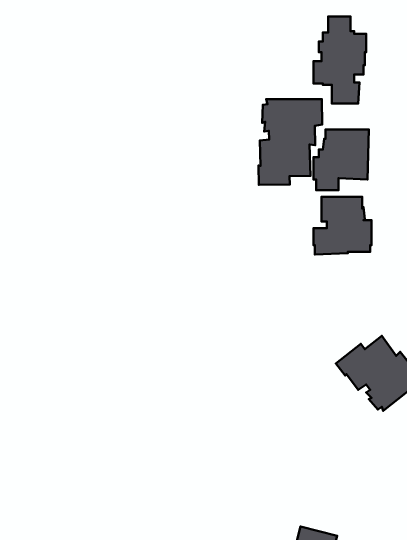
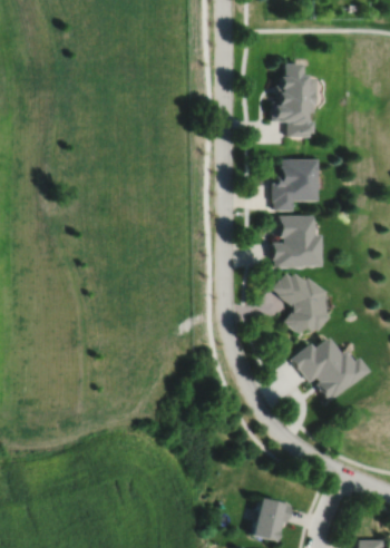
building: [259,99,322,185] -> none
building: none -> [271,271,329,332]

